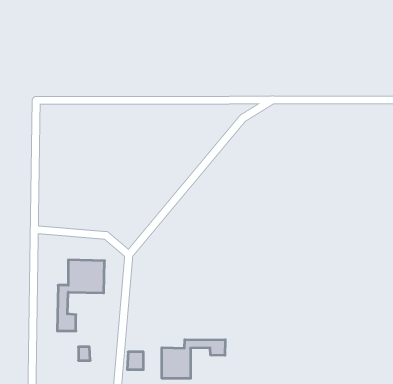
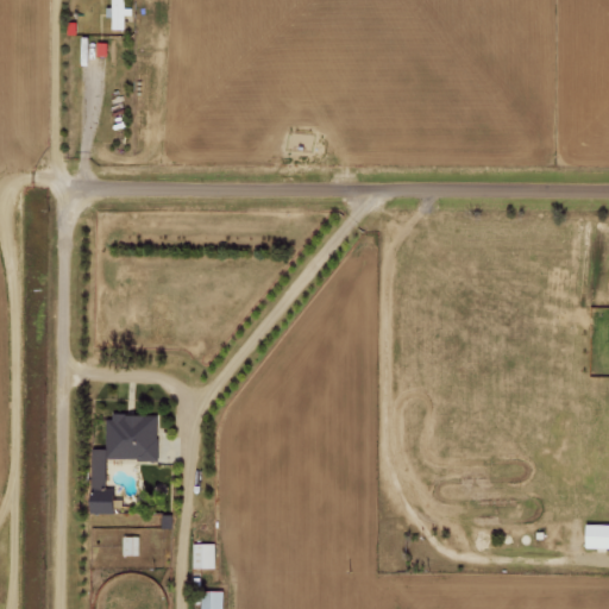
building: [162,340,225,378] -> none

